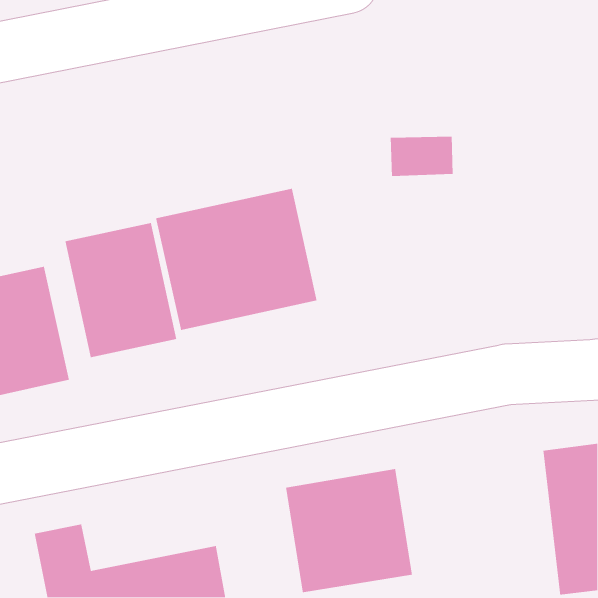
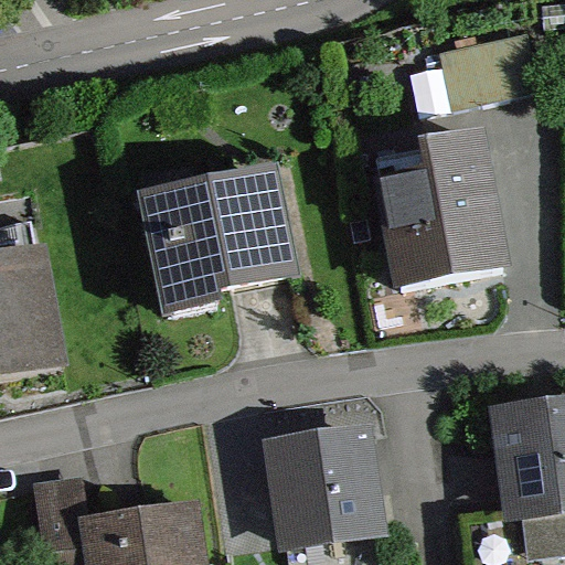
building: none -> [381,124,524,282]
building: [65,222,177,358] -> none

